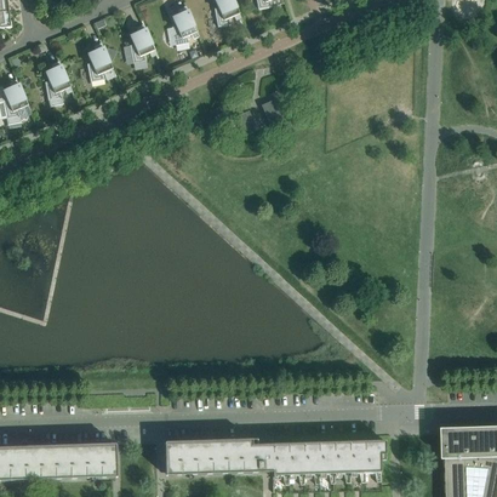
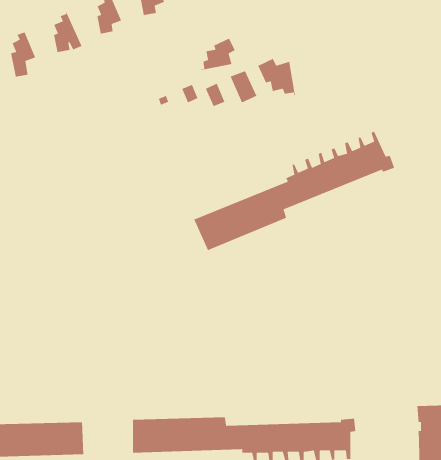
building: none -> [201,38,236,71]
building: none -> [257,58,296,96]
building: none -> [193,131,395,251]

